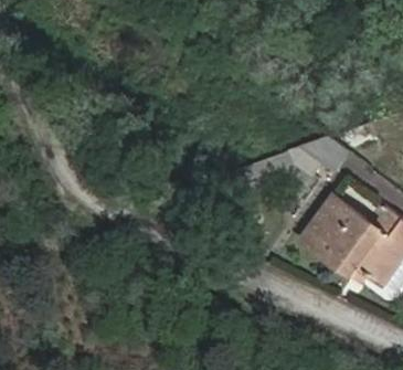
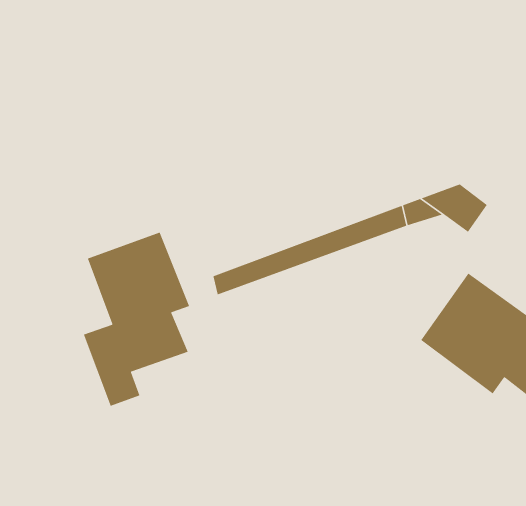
building: none -> [83,232,190,407]

